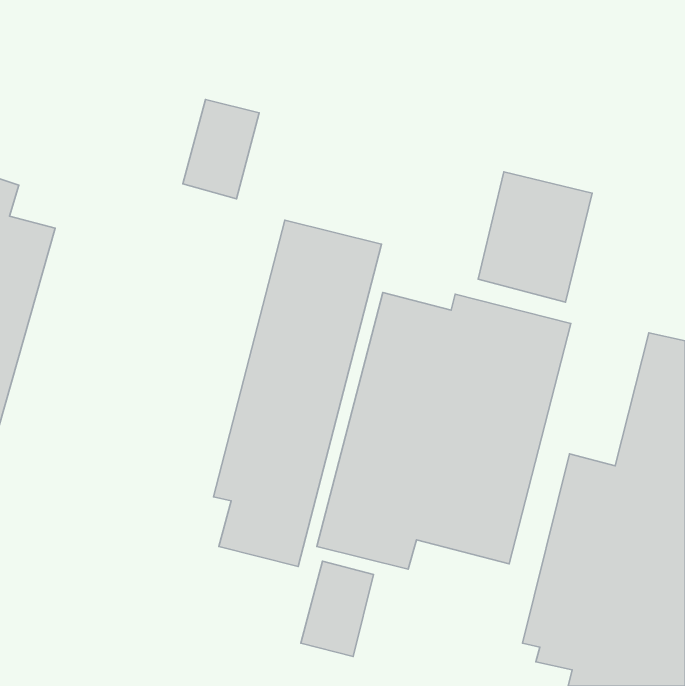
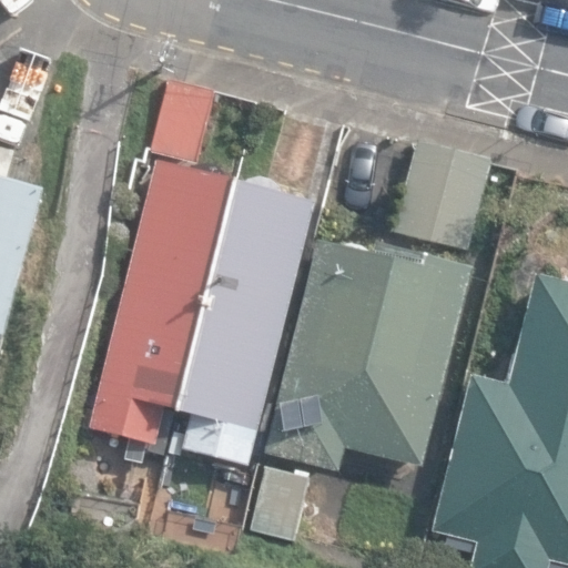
building: none -> [88,162,235,445]

